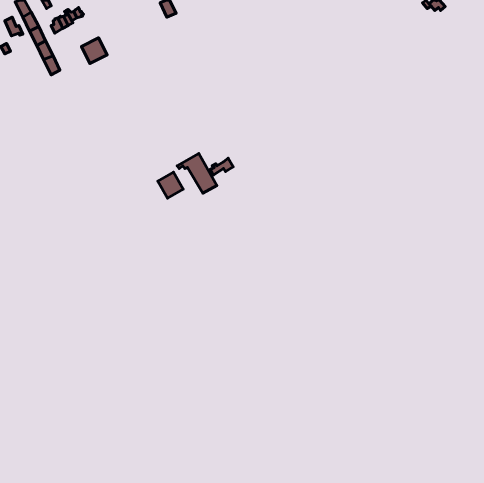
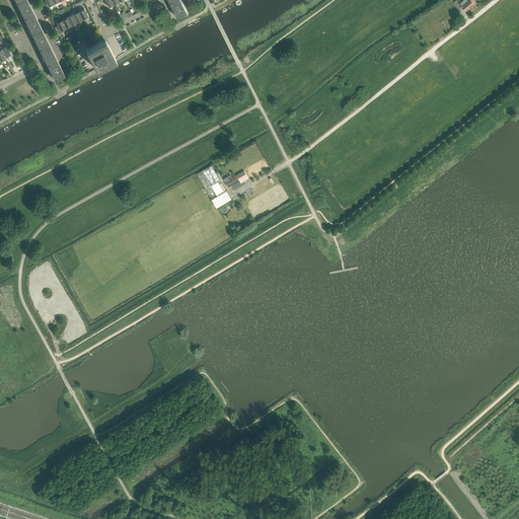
building: [158,172,183,198] -> none

